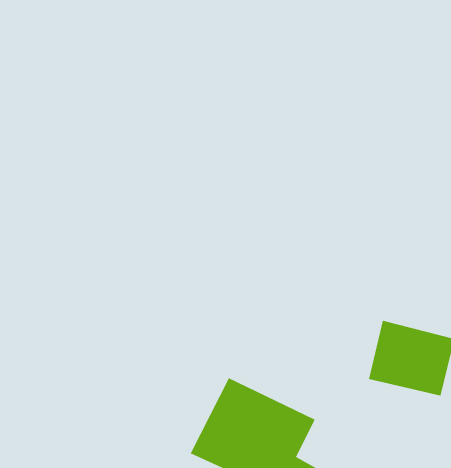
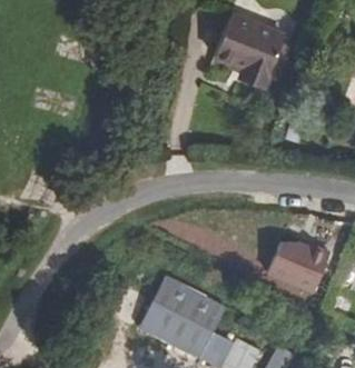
building: none -> [213,17,282,86]

